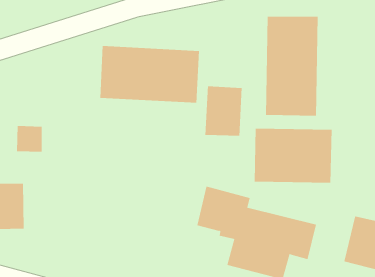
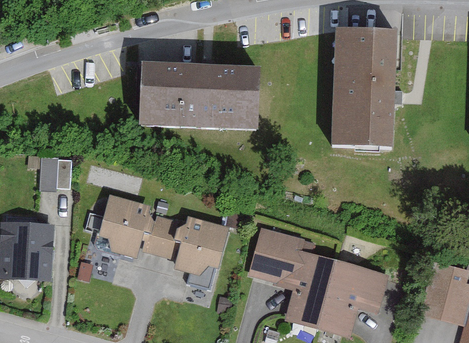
building: [205,85,242,136] -> none
building: [254,128,332,183] -> none
building: none -> [99,196,228,289]

